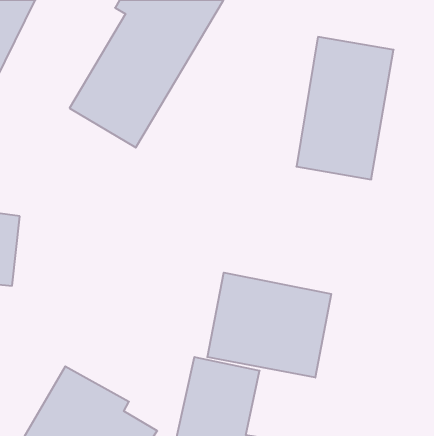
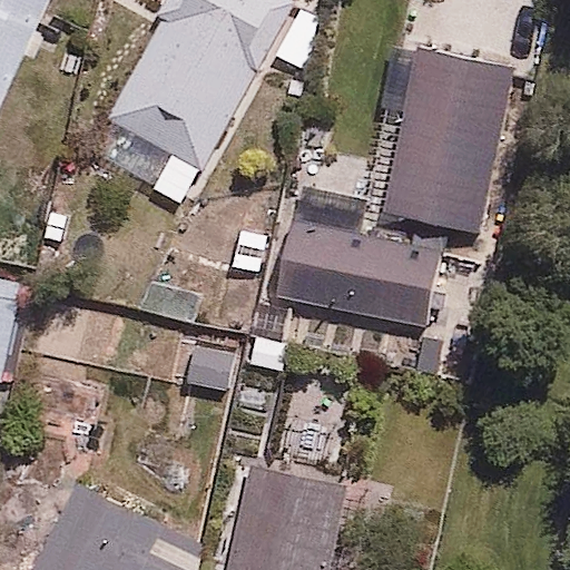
building: none -> [272,219,445,334]
building: [207,273,331,378] -> none

